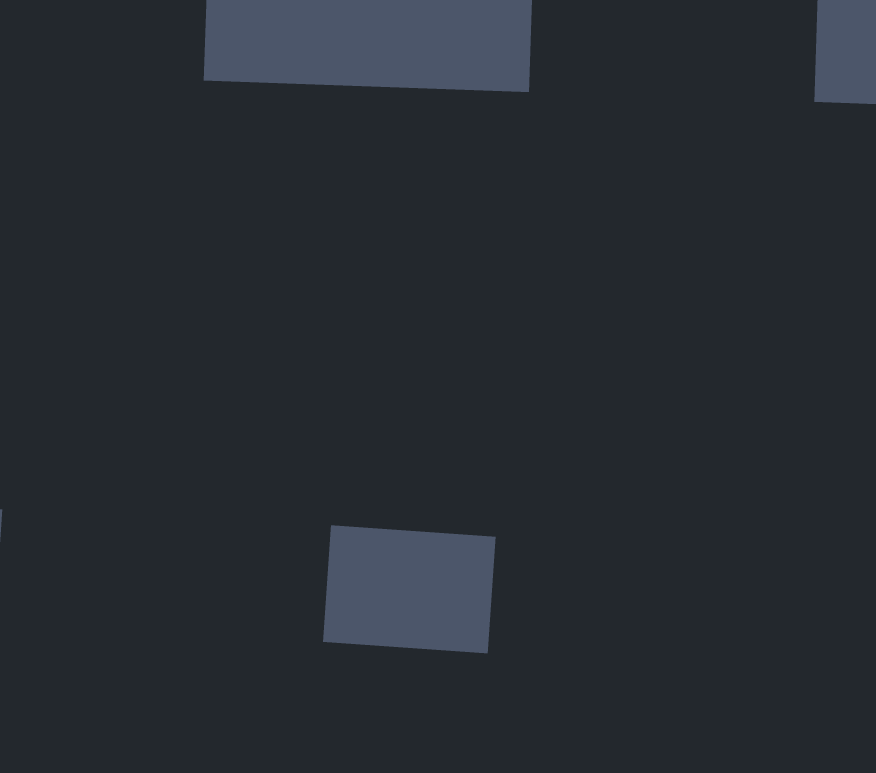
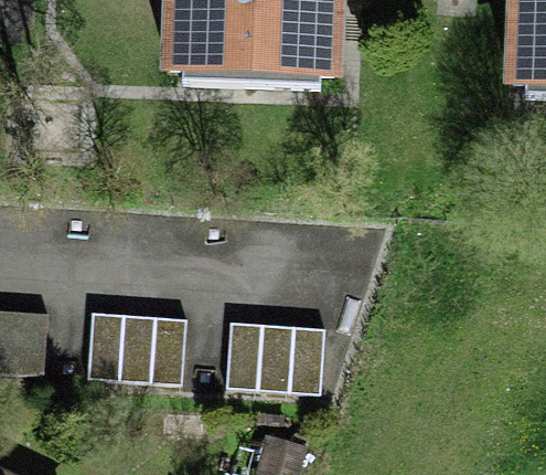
building: none -> [88,314,186,387]

